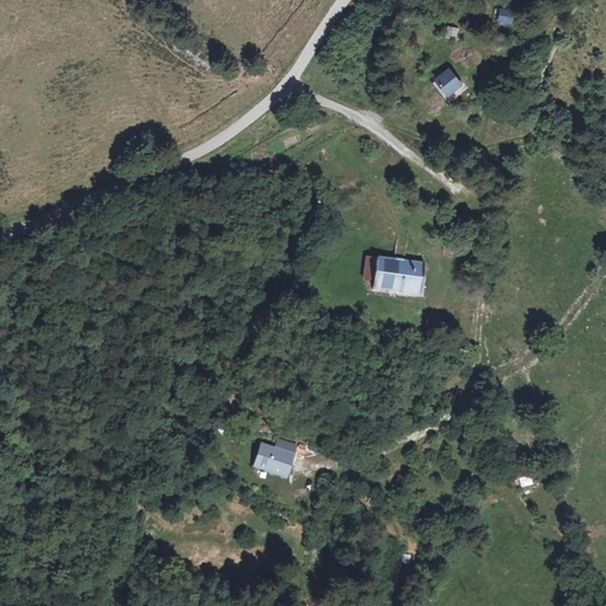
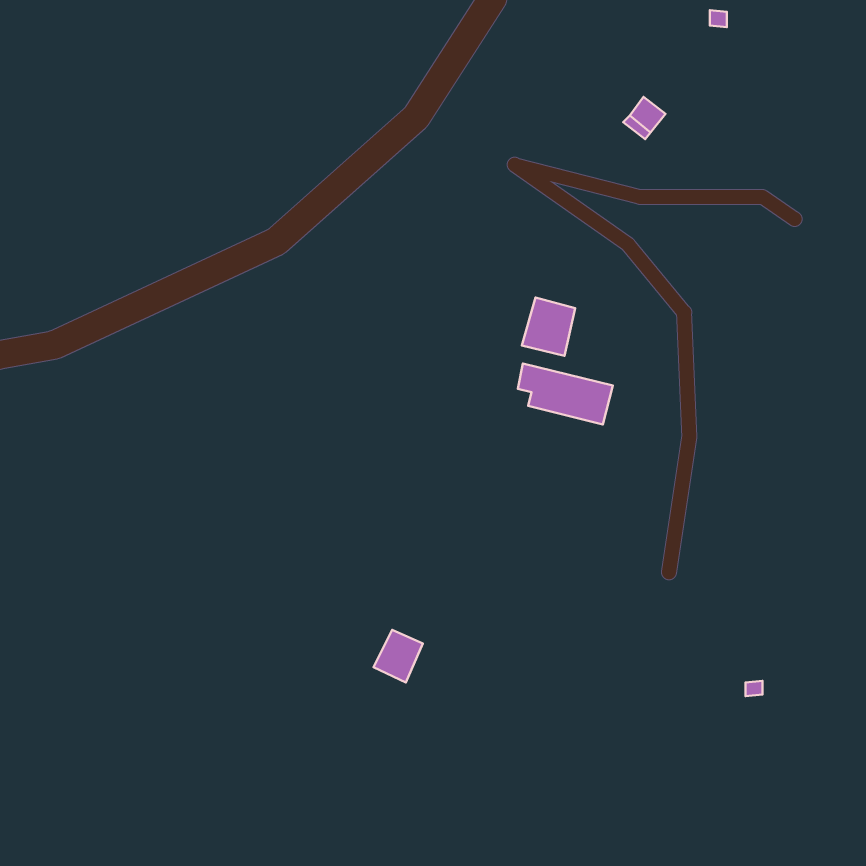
building: none -> [522,298,575,356]

